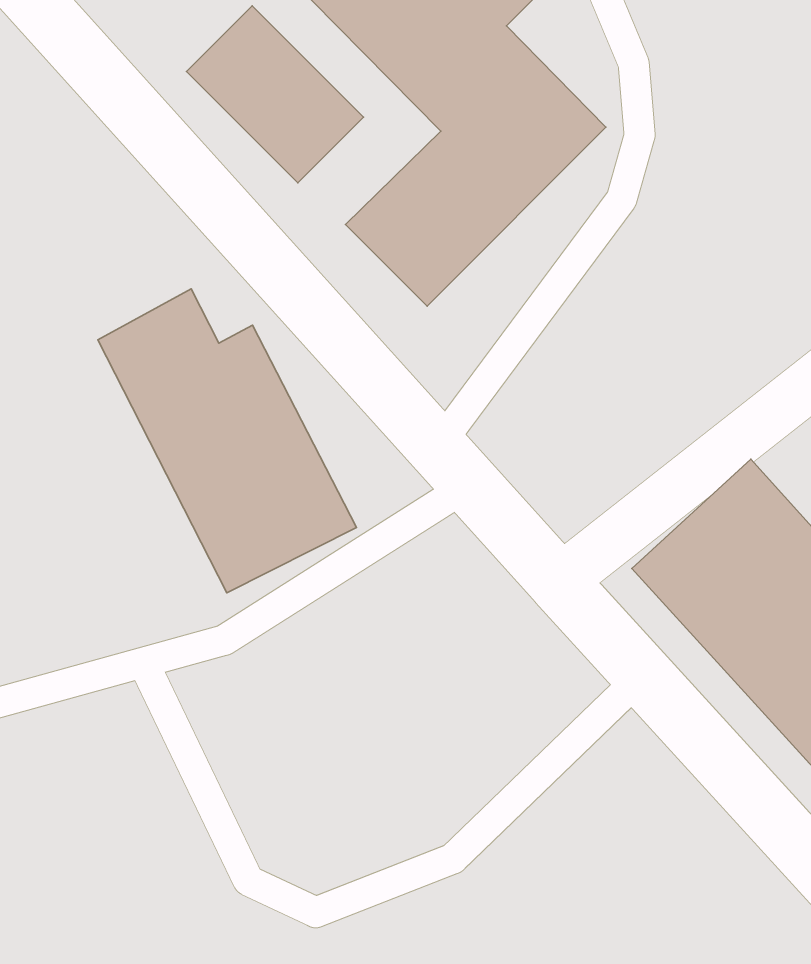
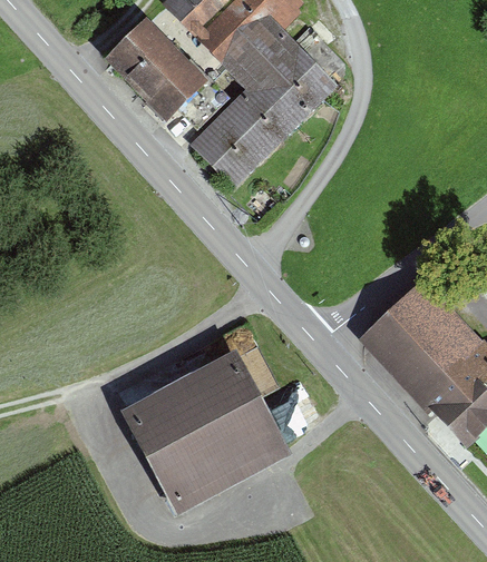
building: [98,289,356,593] -> none
building: none -> [120,351,290,514]

